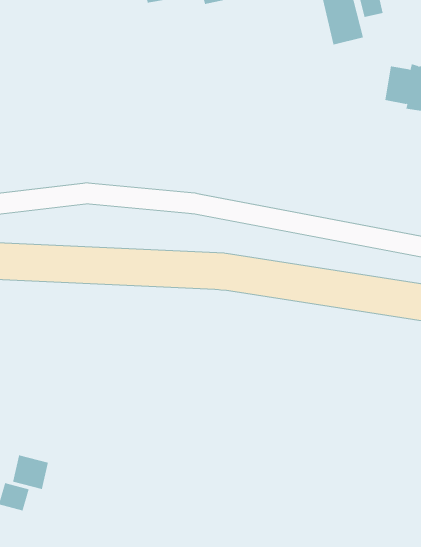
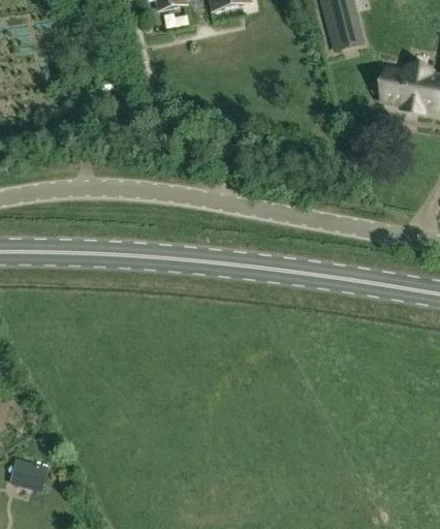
building: [13,455,48,490] -> none

